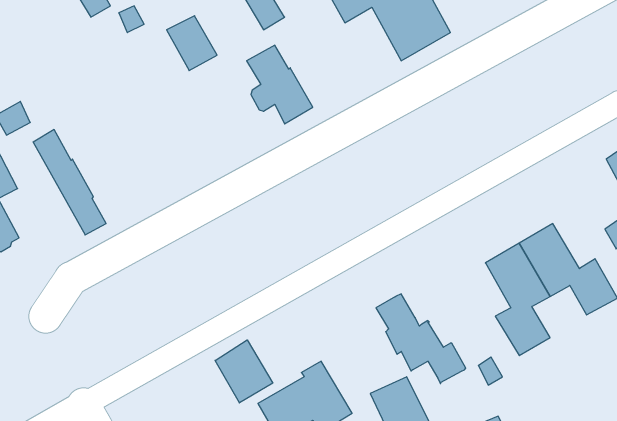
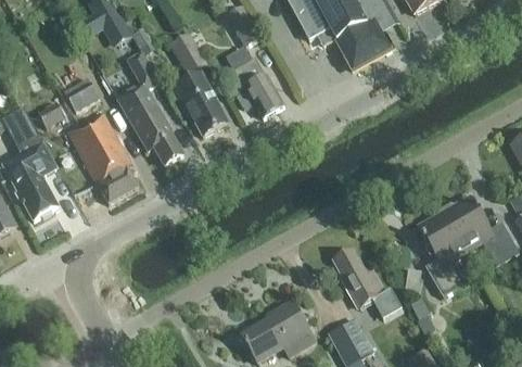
building: none -> [117,52,182,165]
building: none -> [171,75,227,136]
building: none -> [65,77,101,110]
building: none -> [84,112,138,194]
building: [215,340,273,403] -> none

